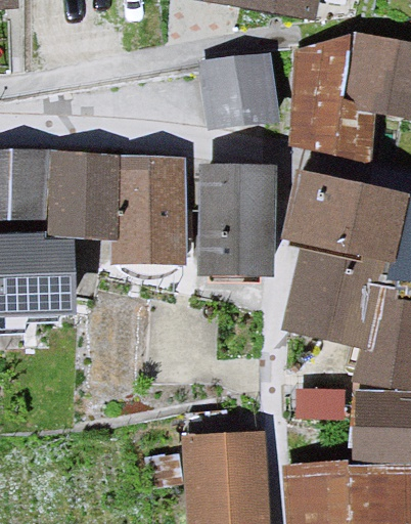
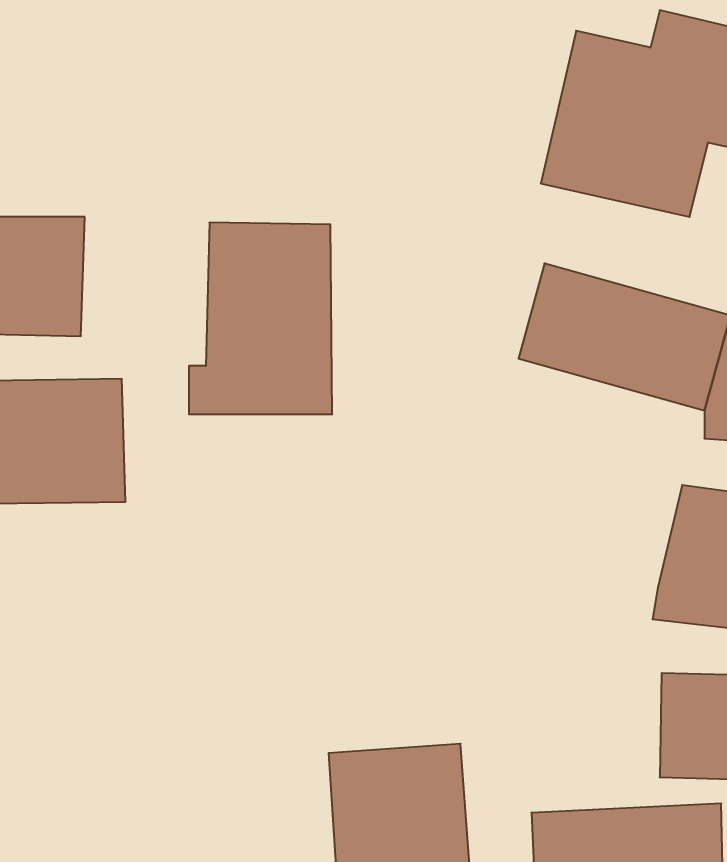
building: [207,60,279,130] -> none
building: [45,149,117,231] -> none
building: [198,159,269,265] -> none
building: [287,266,379,353] -> none

